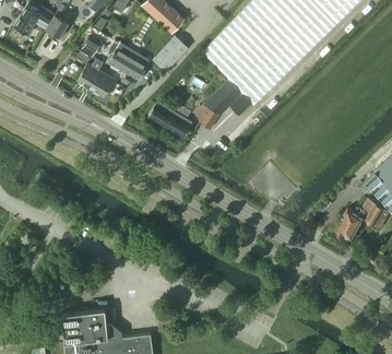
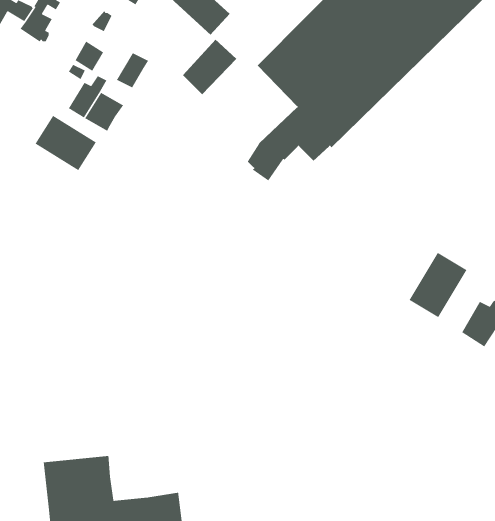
building: [119,50,145,80] -> none
building: none -> [35,115,97,171]
building: [147,102,191,138] -> none
building: none -> [409,252,468,318]

